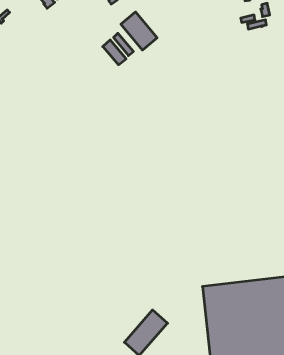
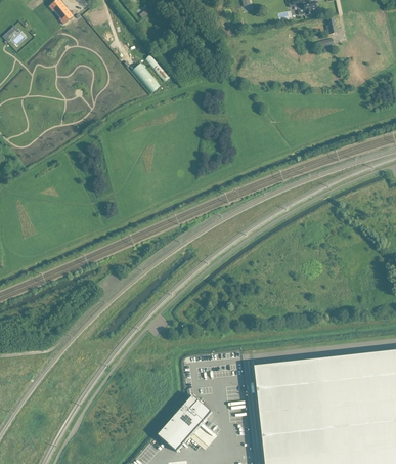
building: [121,12,157,50] -> none

